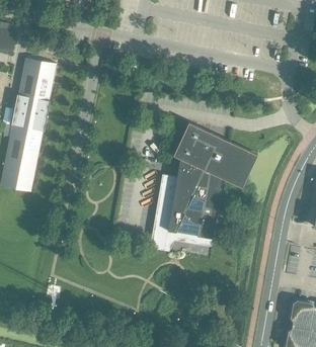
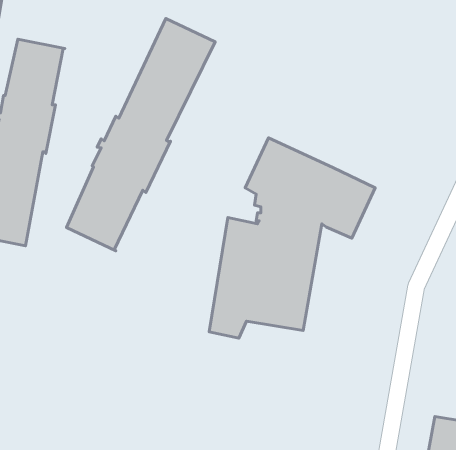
building: none -> [66,19,215,251]

